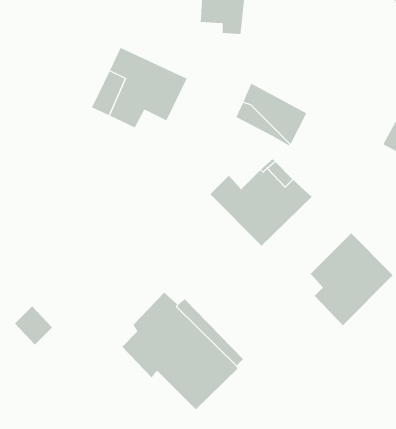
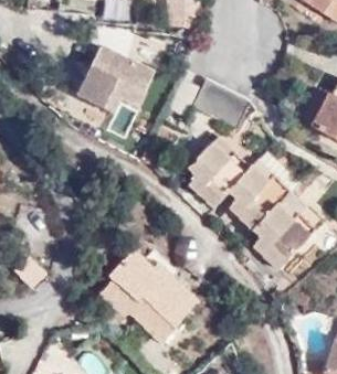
building: none -> [212,156,295,229]

